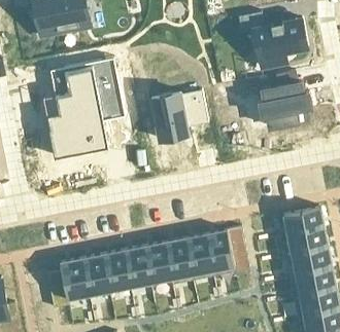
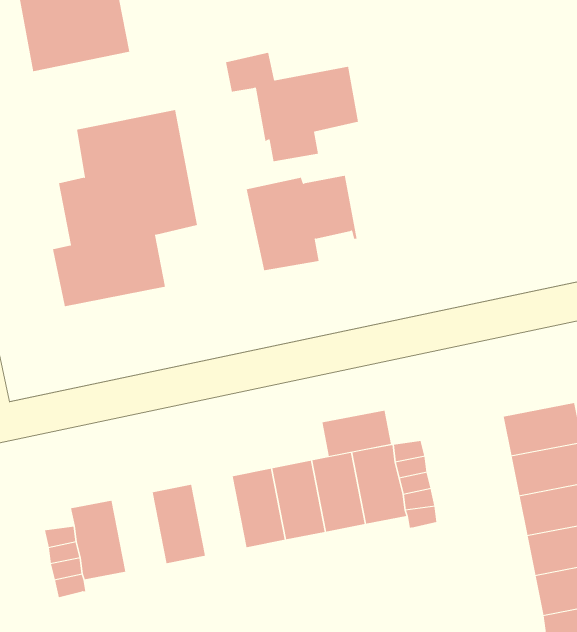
building: [238,12,307,69] -> [225,52,359,162]
building: [259,72,312,128] -> none
building: none -> [322,410,391,457]
building: [123,247,150,288] -> none
building: [81,255,109,296] -> none

